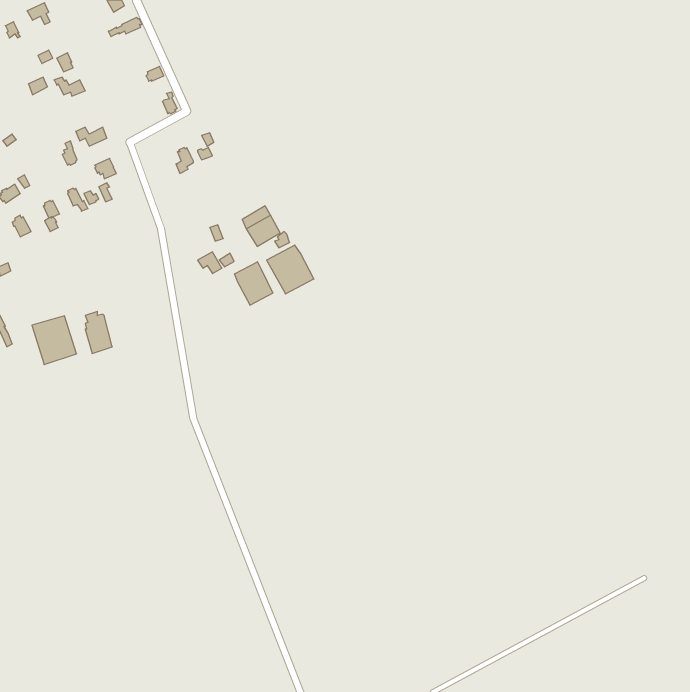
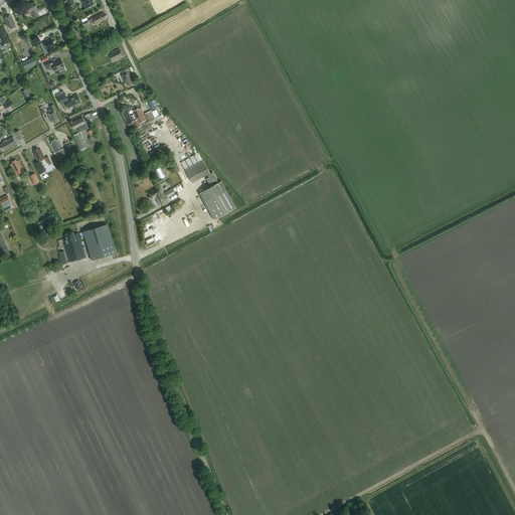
building: [234,262,273,305] -> none
building: [32,316,77,365] -> [81,224,115,261]

